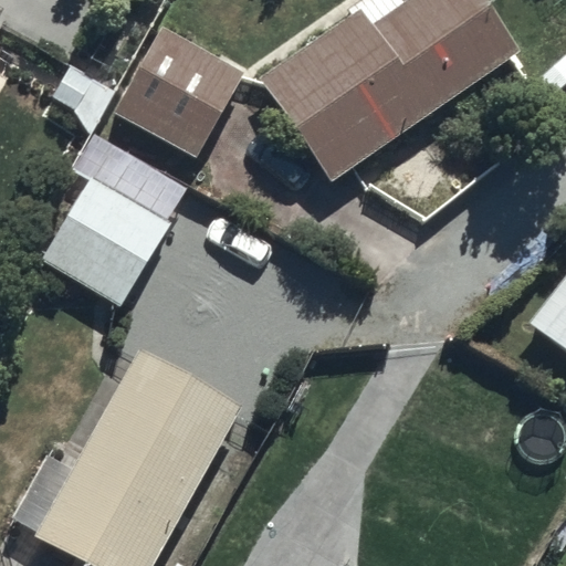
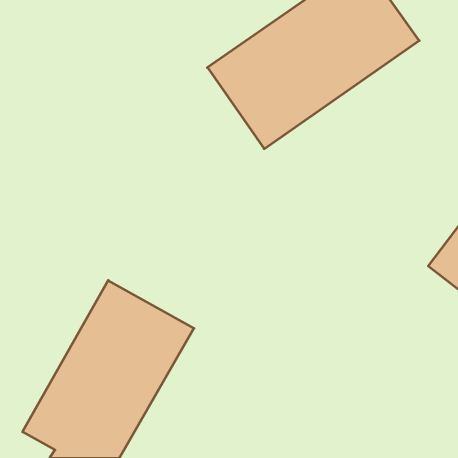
building: [124,31,244,154] -> none
building: [43,146,187,308] -> none

